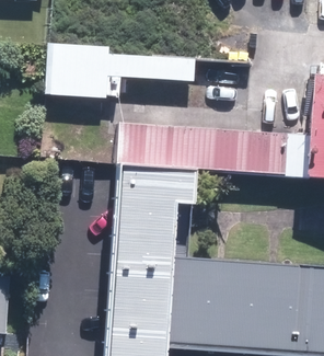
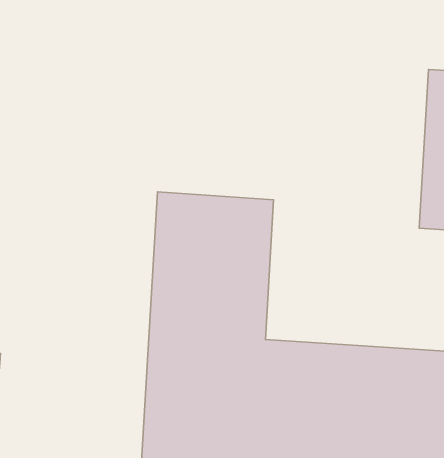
building: [47,44,194,95] -> none
building: [117,124,287,175] -> none

